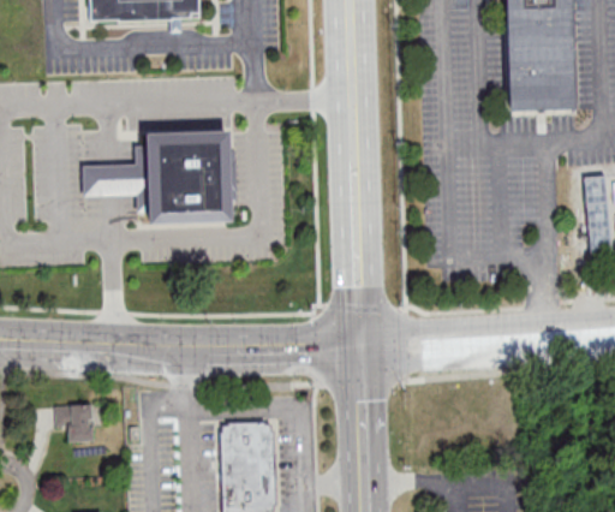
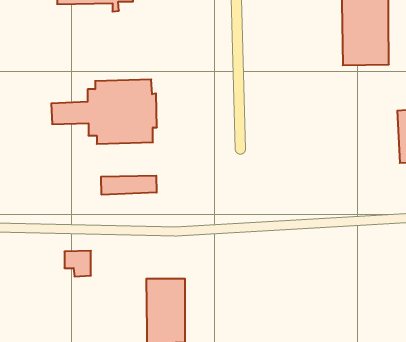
building: none -> [101,176,157,195]
building: [54,404,92,441] -> [64,251,91,276]

